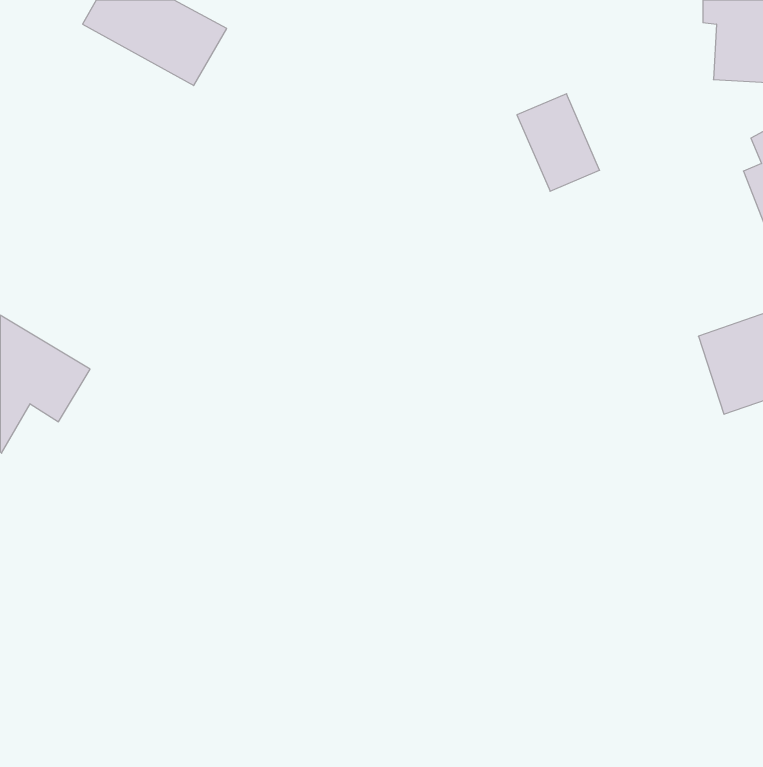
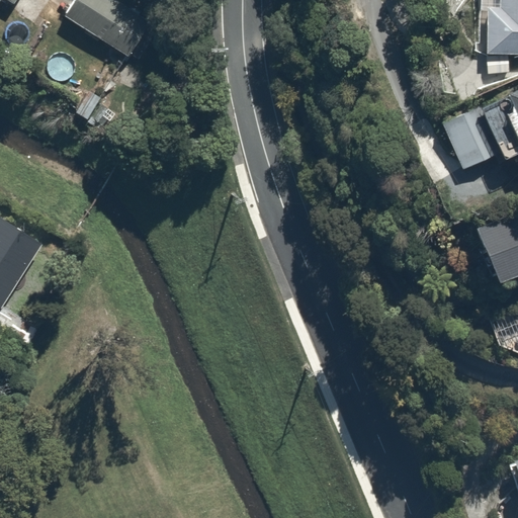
building: [517,94,600,191] -> [440,105,496,171]

